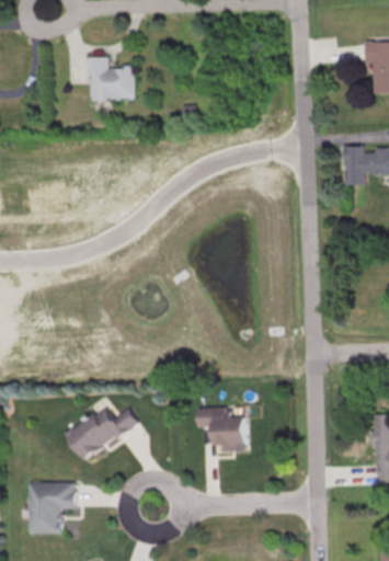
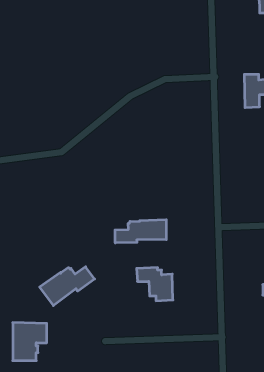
building: [88,56,135,100] -> none
building: none -> [115,220,166,243]

